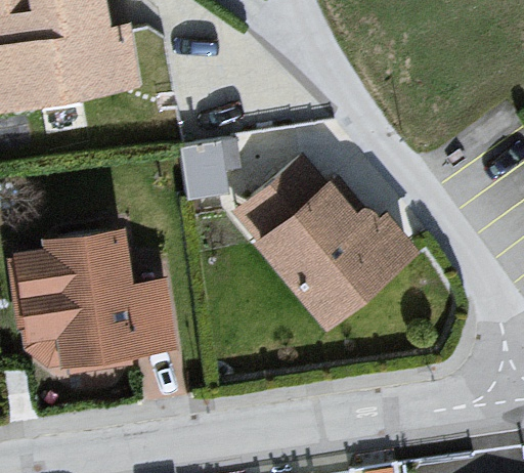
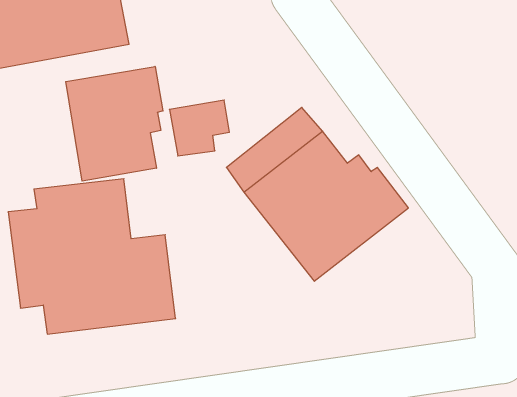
building: none -> [66,66,163,181]

